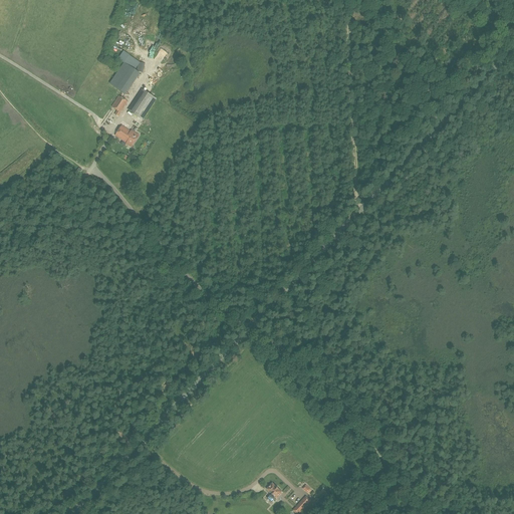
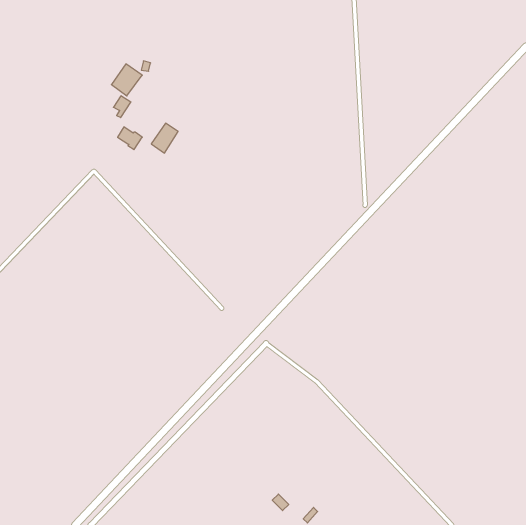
building: [128,88,155,117] -> [151,123,178,153]

